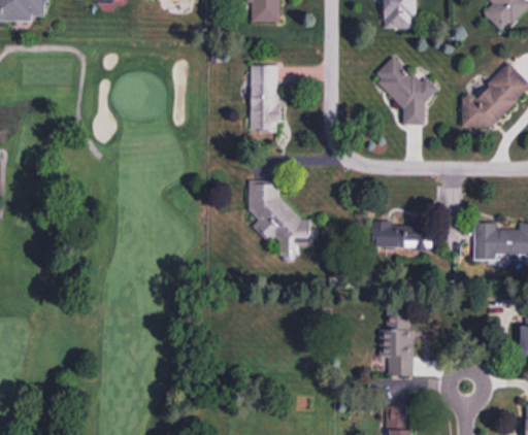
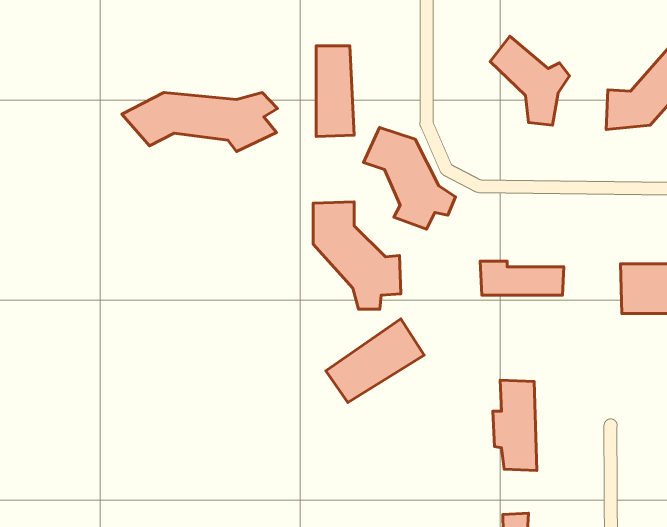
building: none -> [122,92,277,152]
building: none -> [364,127,455,229]
building: none -> [326,319,424,402]

